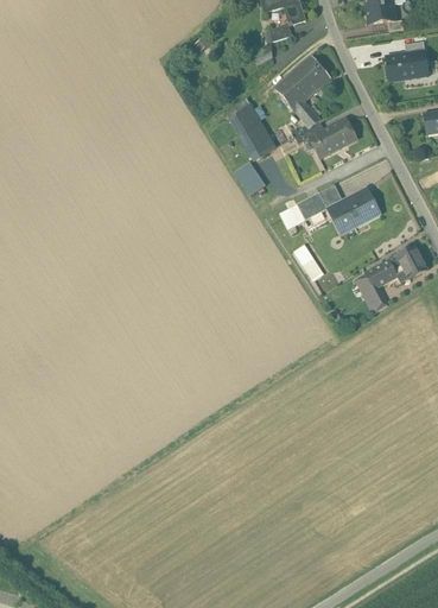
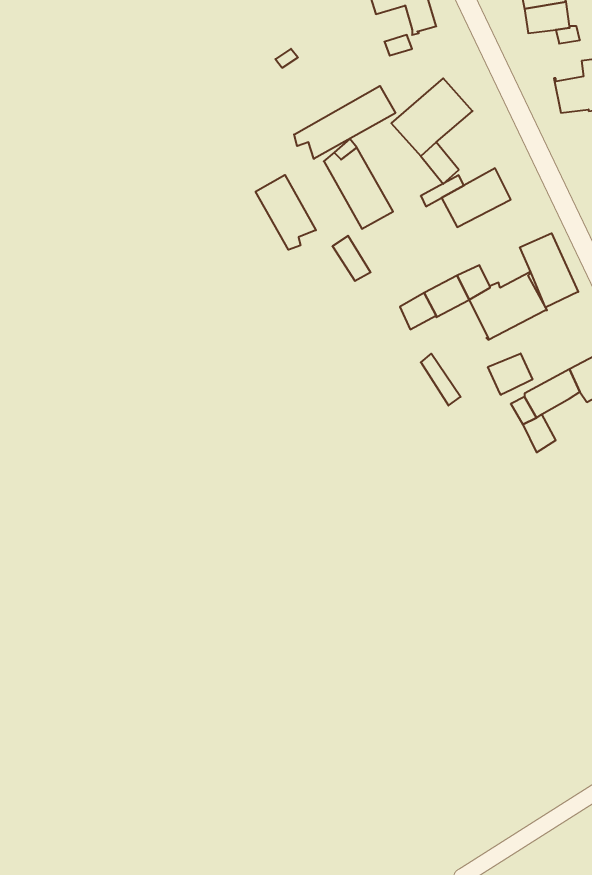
building: none -> [294,86,395,159]
building: none -> [256,175,316,250]
building: none -> [520,233,578,307]
building: none -> [488,353,532,395]

